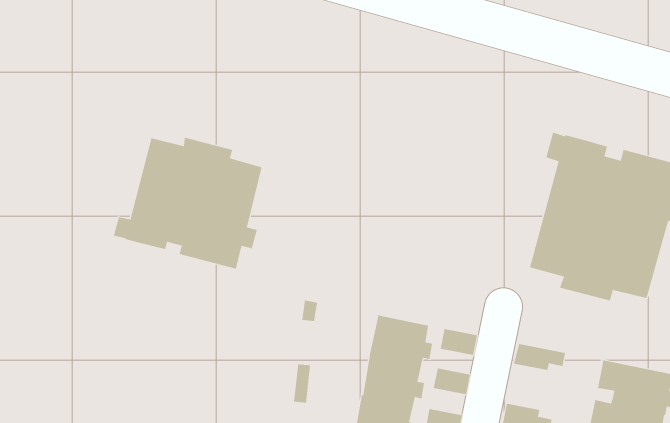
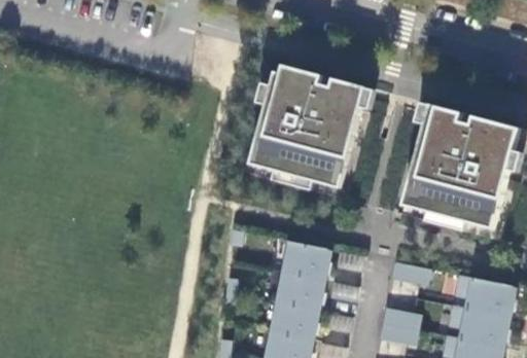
building: none -> [249,65,376,190]
building: [113,137,262,269] -> none

